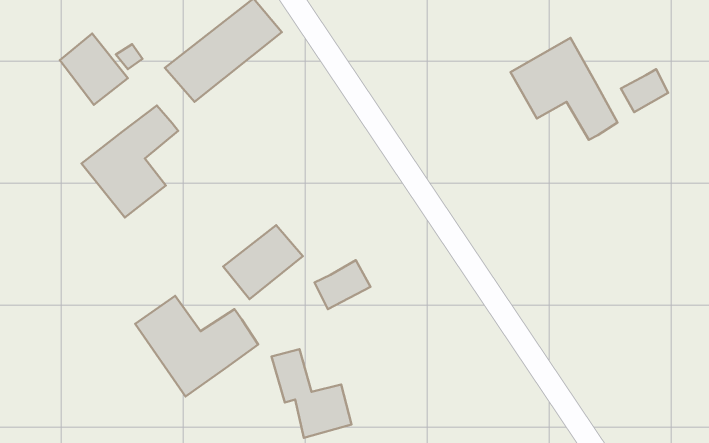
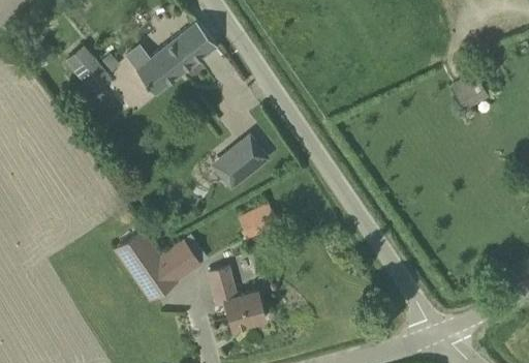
building: [511,38,617,140] -> none
building: [82,105,178,218] -> none
building: [223,225,303,299] -> [208,130,263,182]

